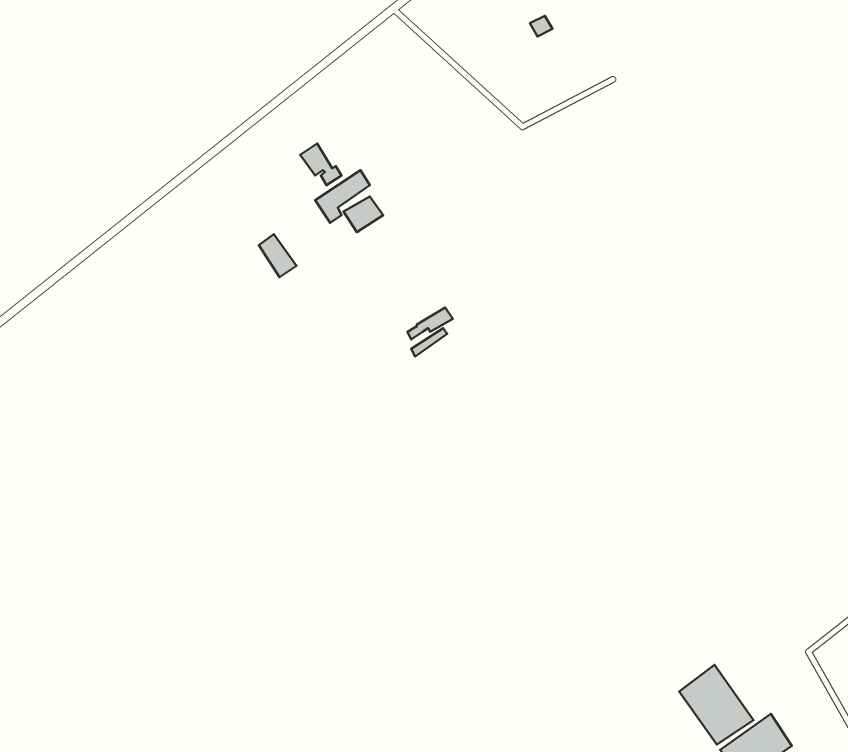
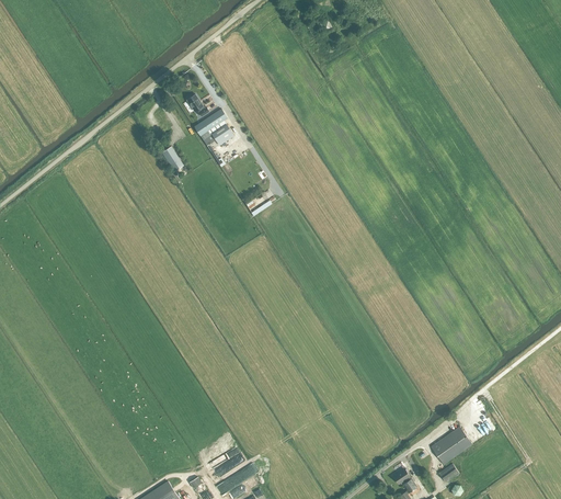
building: [679,665,754,744] -> none

